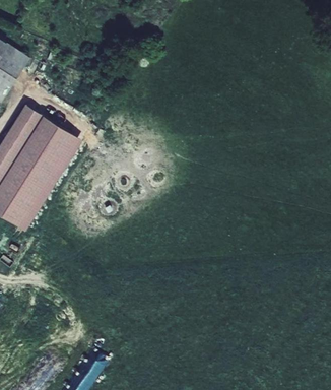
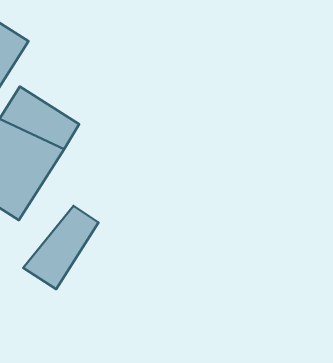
building: none -> [23,206,98,289]

